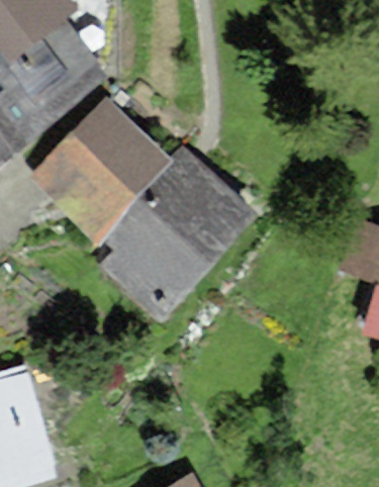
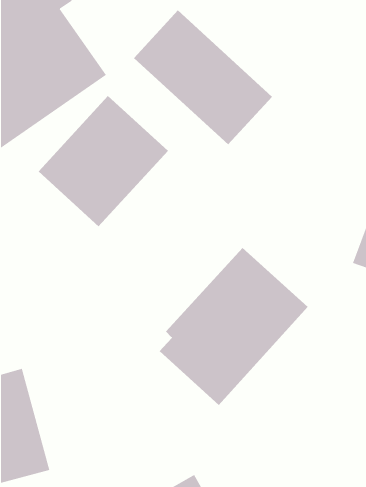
building: none -> [133,10,273,145]
building: [107,159,254,314] -> [159,247,308,406]

